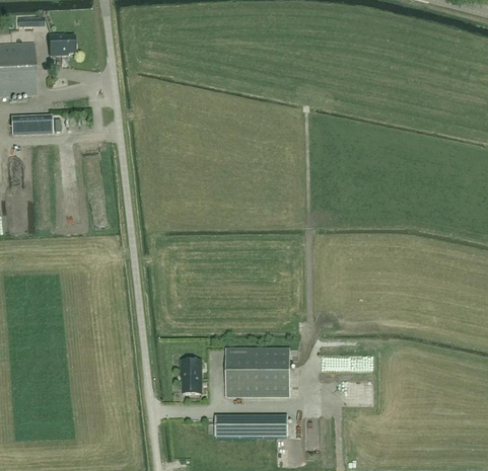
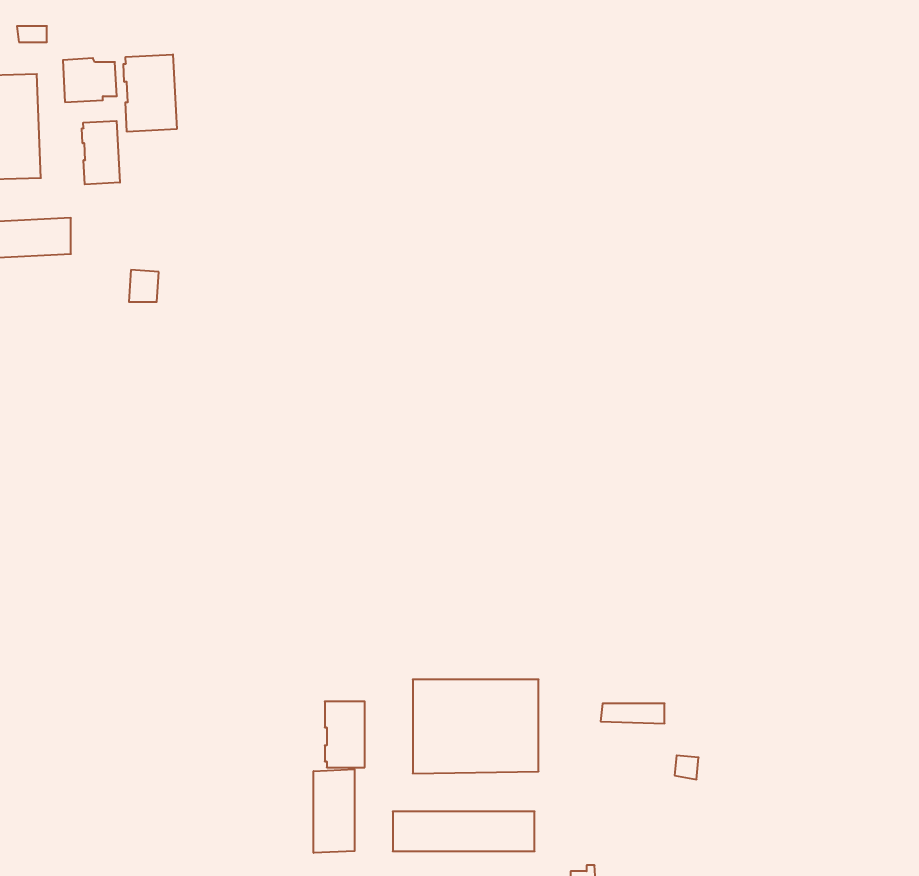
building: none -> [123,54,177,132]
building: none -> [82,121,120,184]
building: none -> [314,769,355,853]

